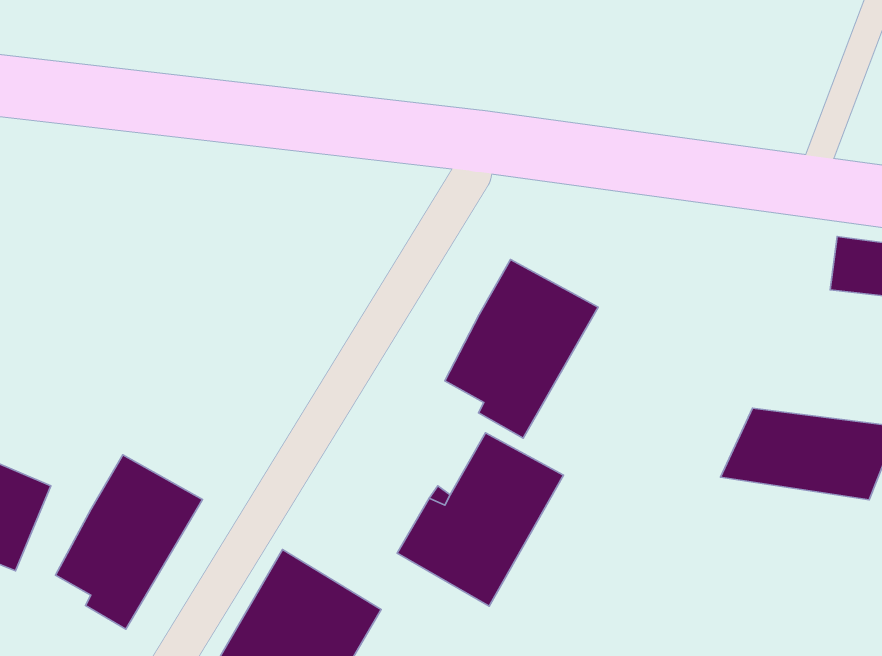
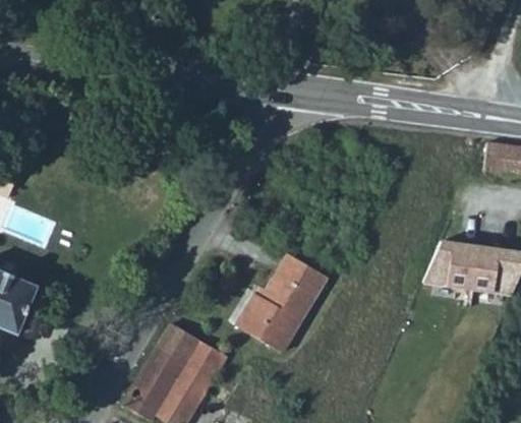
building: [445,259,598,438] -> none
building: [56,455,202,629] -> none

